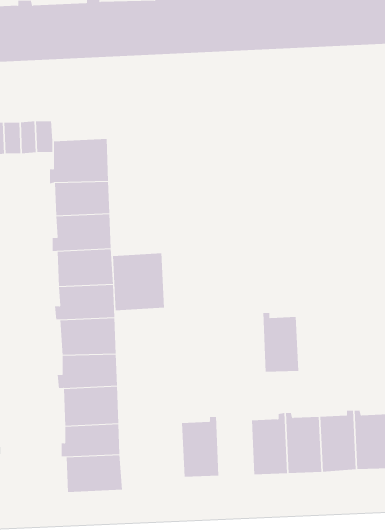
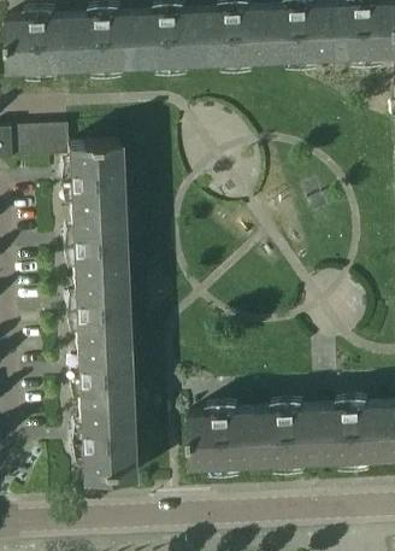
building: [113,253,164,311] -> none
building: [262,313,299,372] -> [226,409,261,465]

